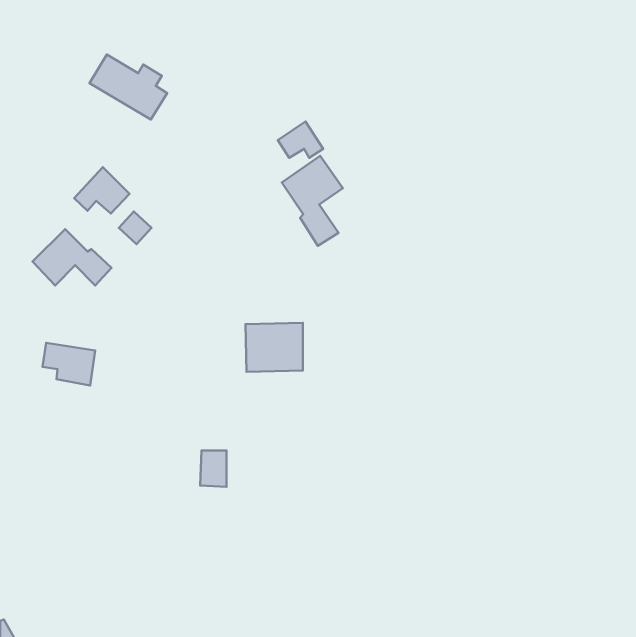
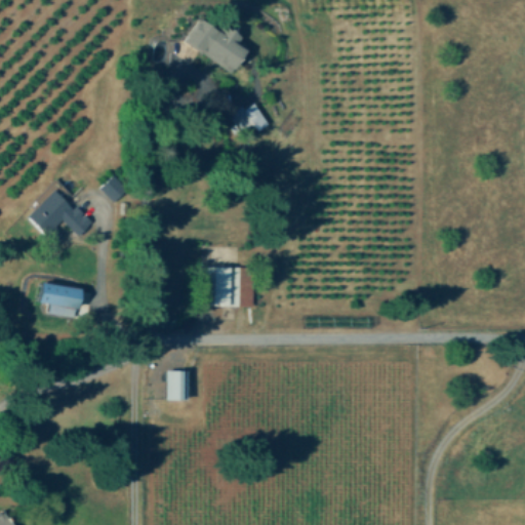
building: [89,55,167,120] -> [184,18,247,72]
building: [282,156,343,246] -> none
building: [74,167,129,213] -> none

